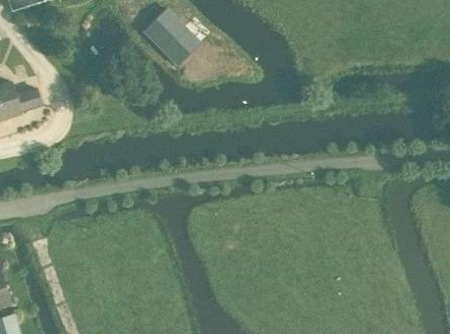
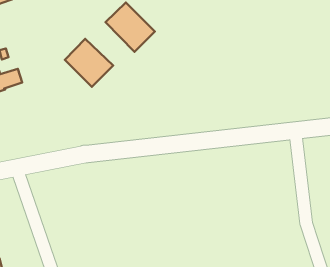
building: none -> [65,39,113,87]

